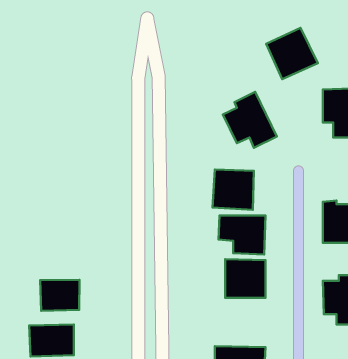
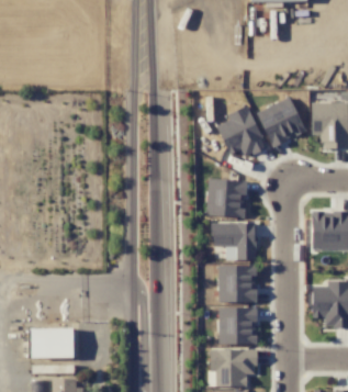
building: [266,28,318,79] -> [257,97,306,146]
building: [40,280,80,311] -> none
building: none -> [218,307,257,345]

